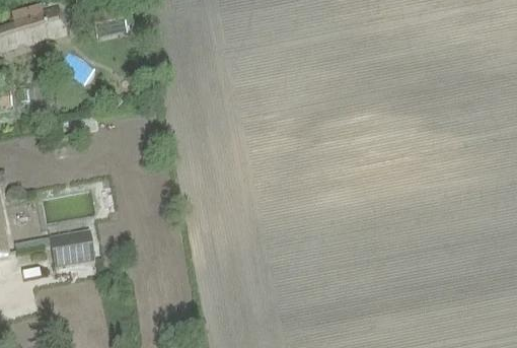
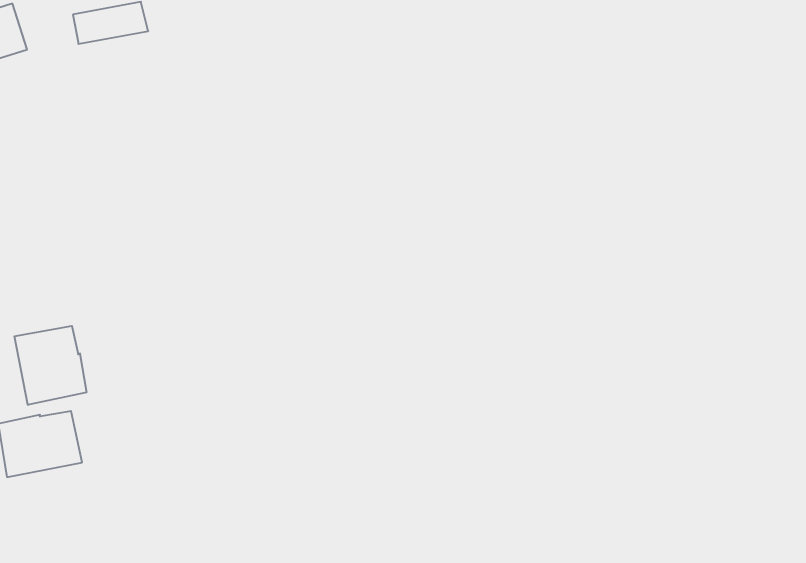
building: none -> [14,326,86,405]

